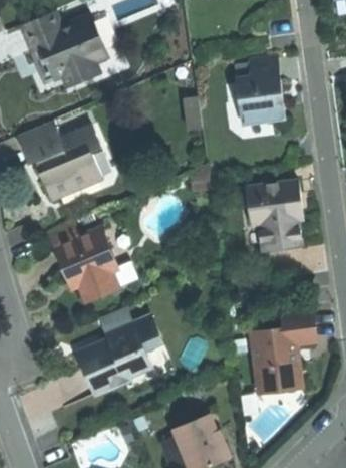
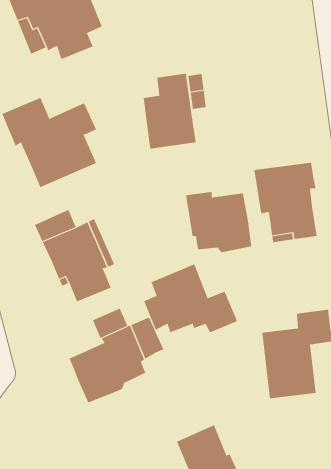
building: [235,55,283,124] -> [143,73,197,149]
building: none -> [185,191,252,253]
building: none -> [143,264,238,333]

